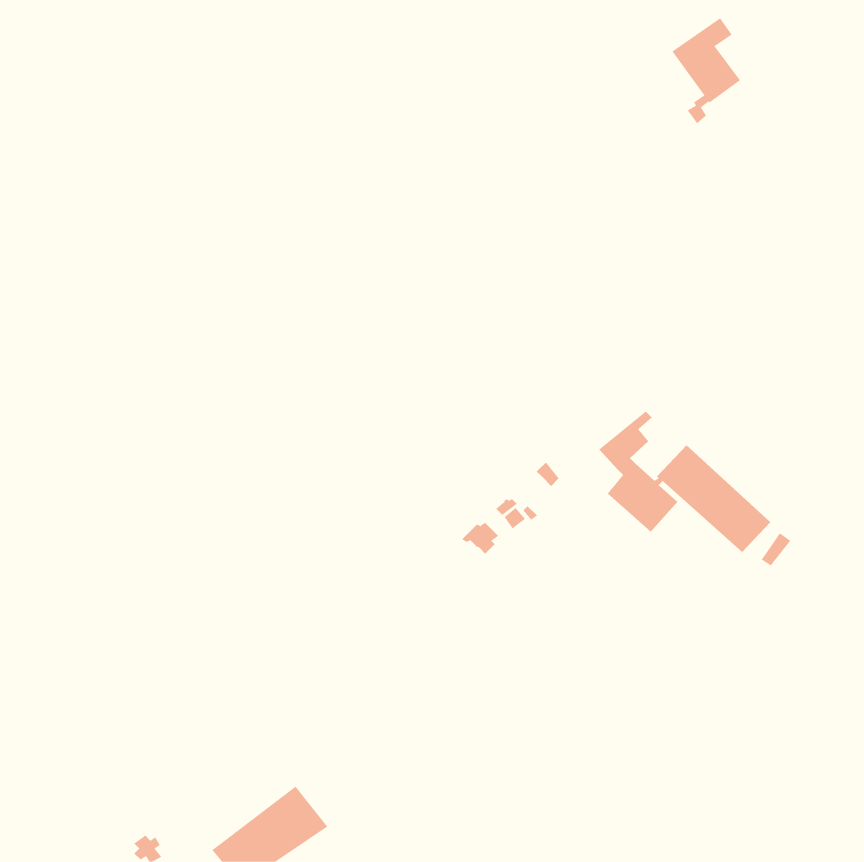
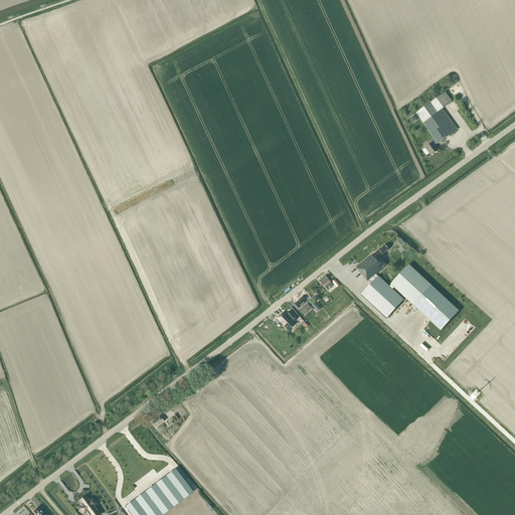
building: [671,18,741,124] -> [415,92,457,155]

